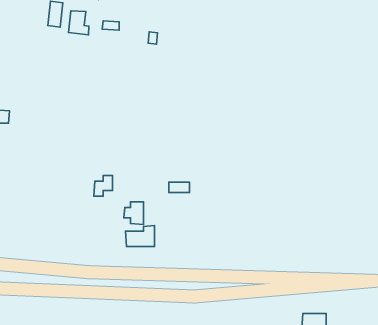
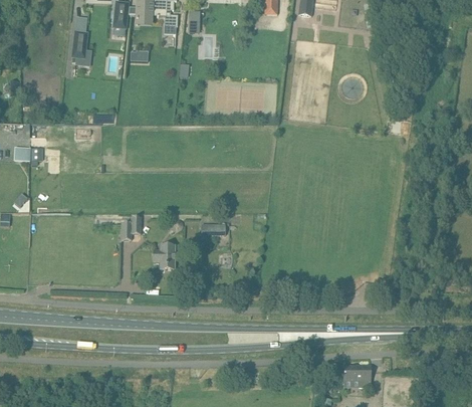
building: [68,11,89,35] -> none
building: [126,225,155,246] -> none

